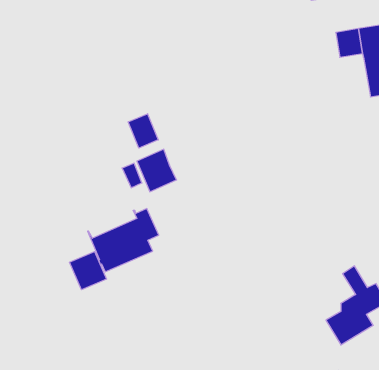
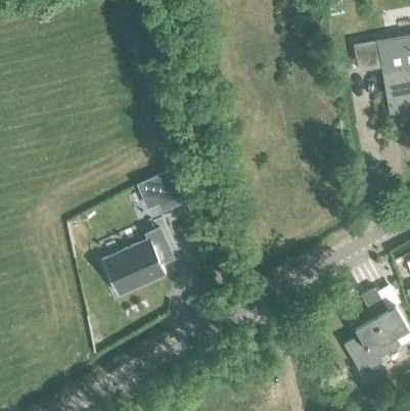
building: [128,114,158,148] -> none
building: [70,252,107,290] -> none

